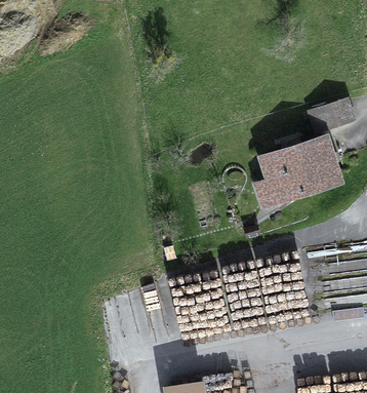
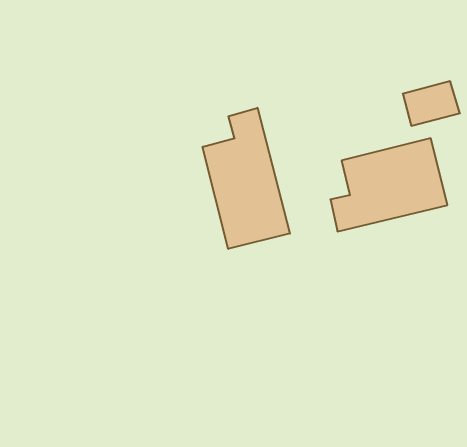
building: none -> [203,108,290,249]

